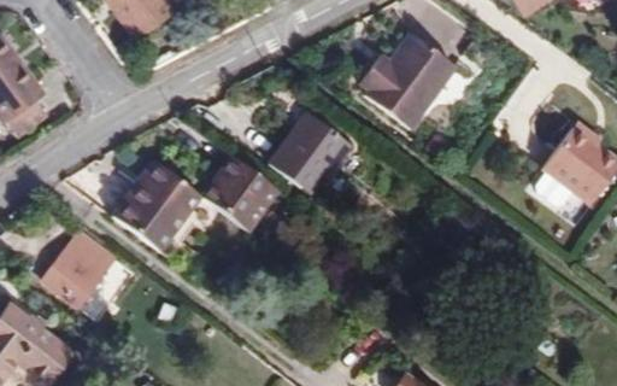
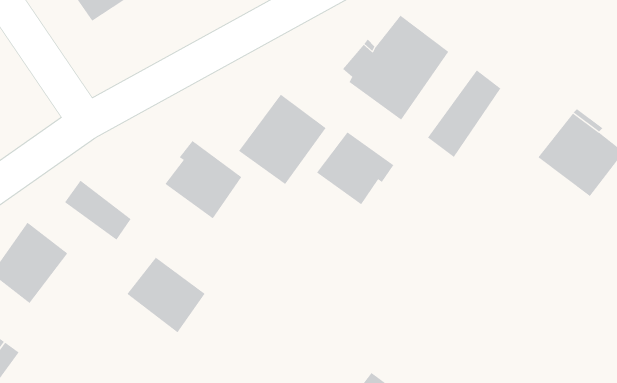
building: none -> [427,69,501,158]
building: none -> [316,132,394,205]
building: [122,151,194,221] -> [126,257,205,333]

